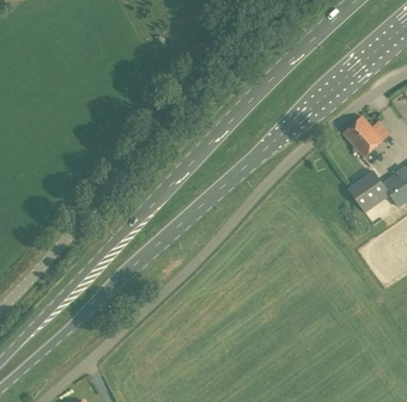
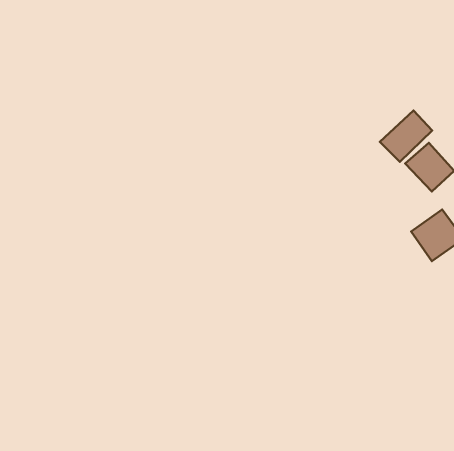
building: none -> [380,111,432,162]

